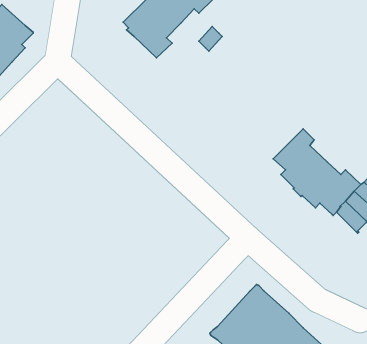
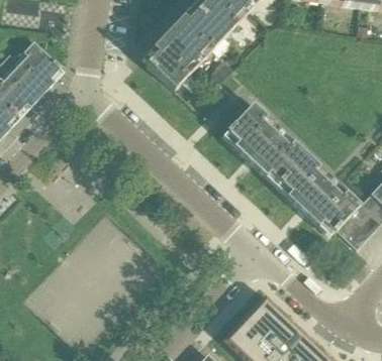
building: none -> [225,101,306,179]

